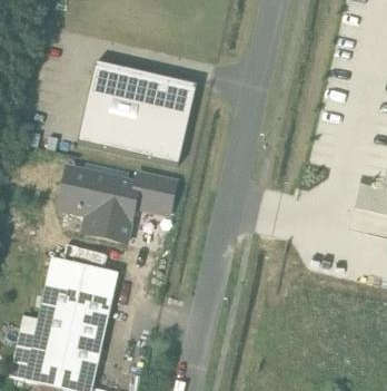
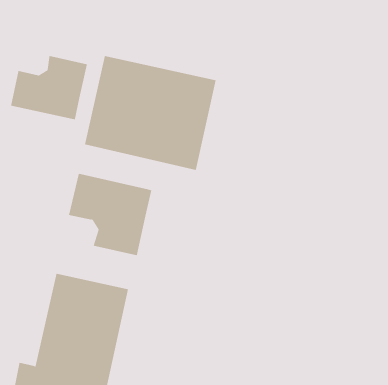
building: none -> [11,55,88,120]
building: [133,168,176,212] -> none

